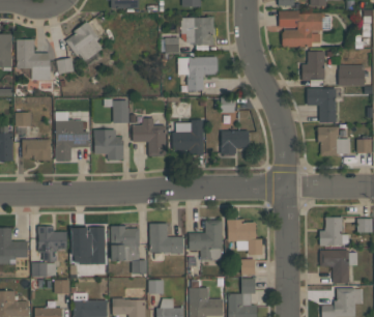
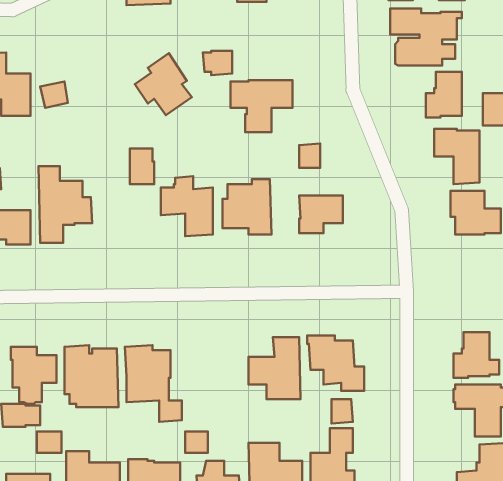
building: [181,16,213,45] -> none
building: [65,21,102,60] -> [135,53,192,115]
building: [93,128,123,159] -> none
building: [149,223,183,253] -> none

